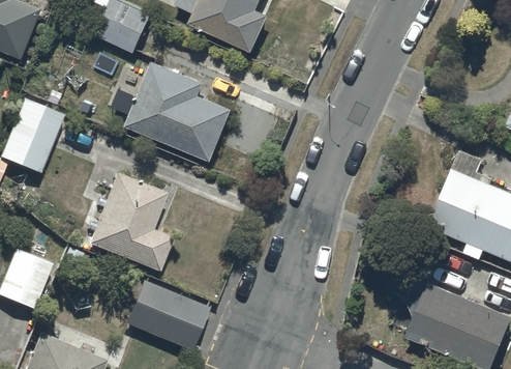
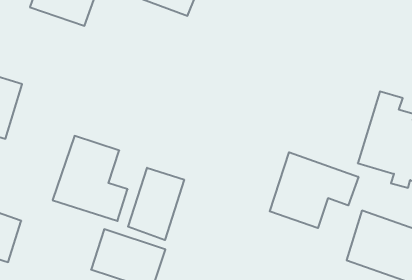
building: [127,61,233,162] -> none
building: none -> [270,152,358,228]
building: none -> [128,168,184,240]

